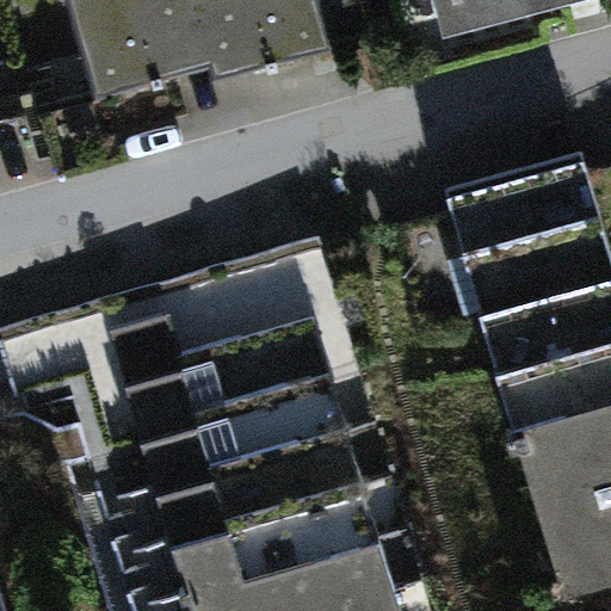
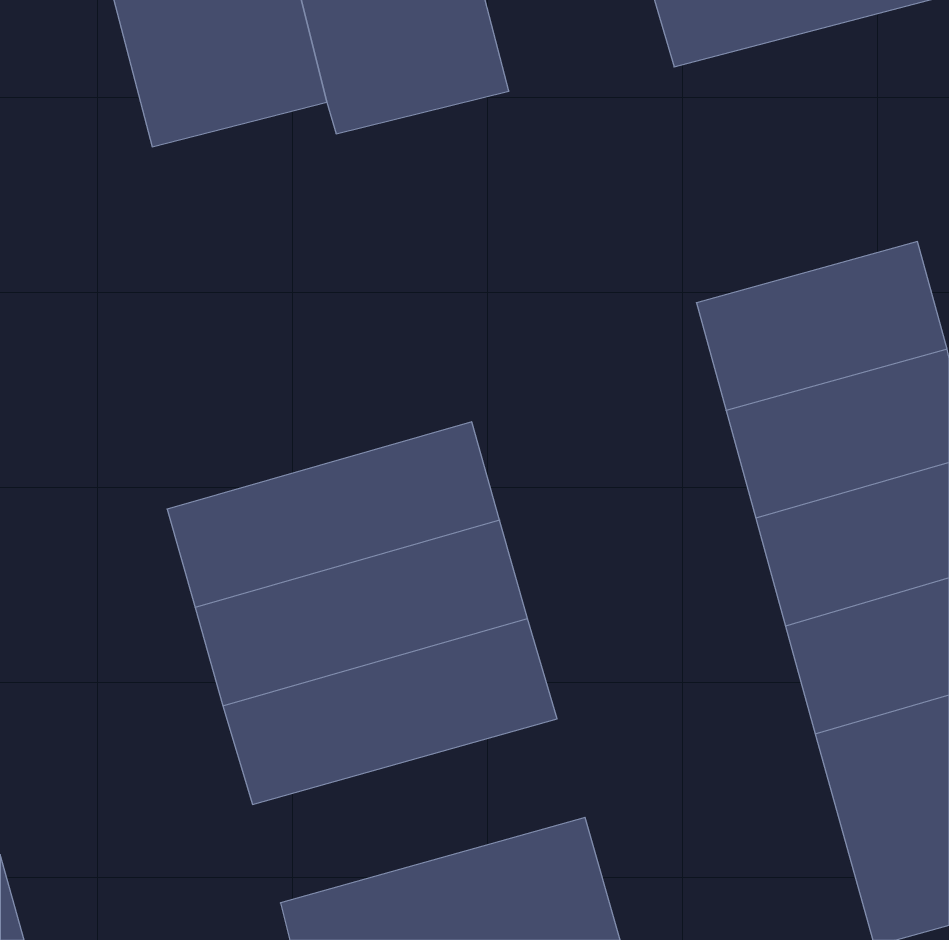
building: [162,462,376,580] -> none

